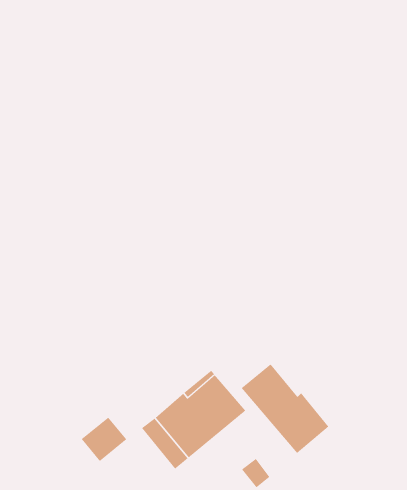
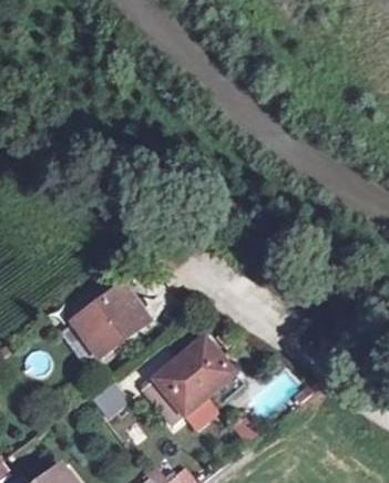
building: none -> [72,285,149,358]
building: [241,364,329,454] -> none

